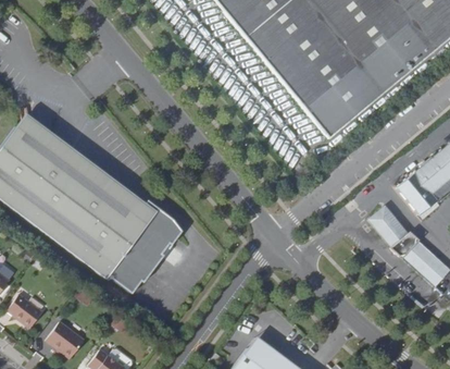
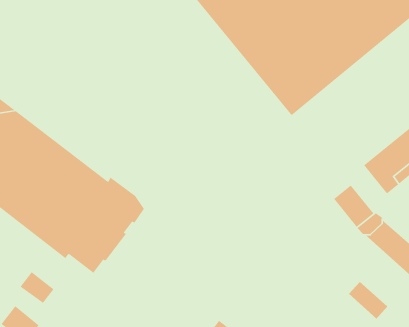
building: none -> [20,271,54,304]
building: none -> [348,281,388,319]

